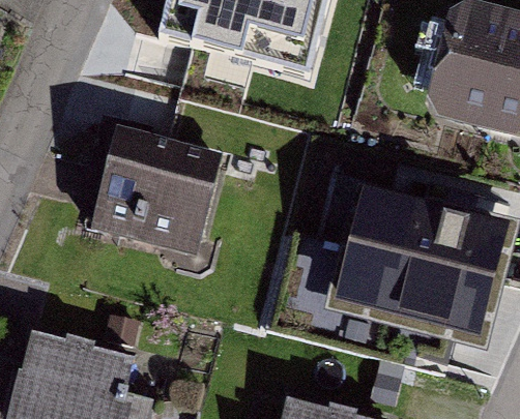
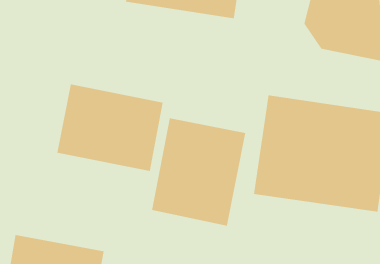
building: none -> [151,117,246,226]

